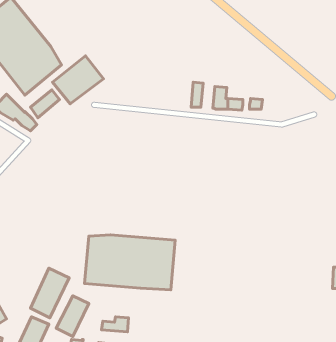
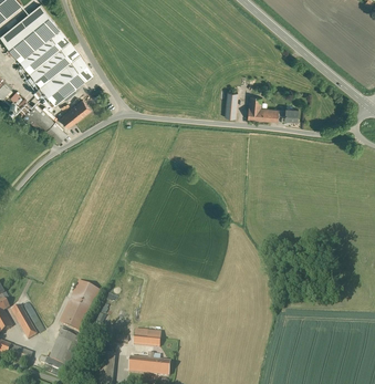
building: [53,56,104,104] -> none
building: [84,235,175,290] -> none
building: [56,296,89,336] -> none

